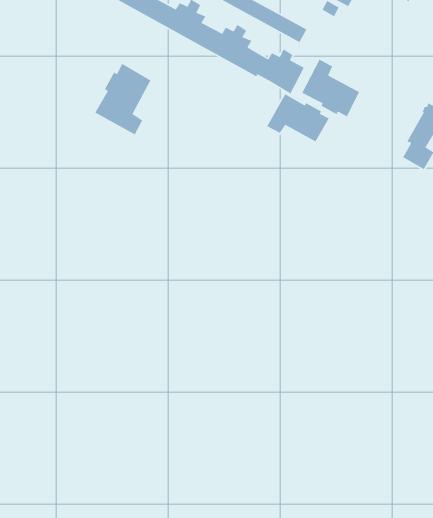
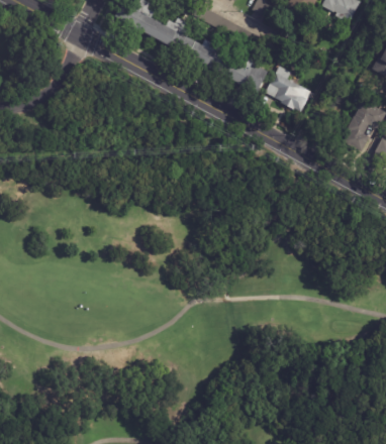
building: [94,63,152,136] -> none
building: [266,93,330,142] -> none

